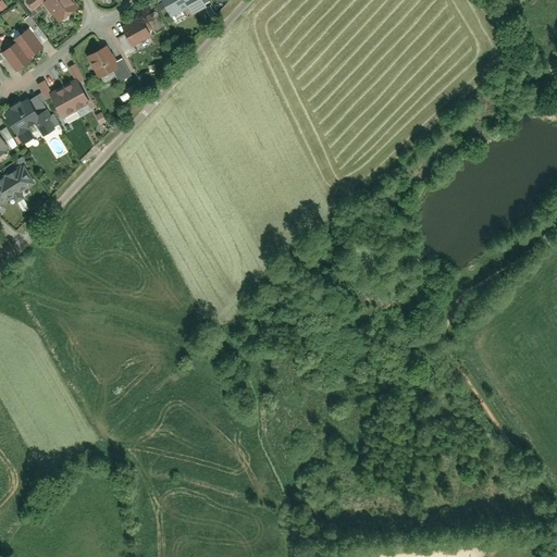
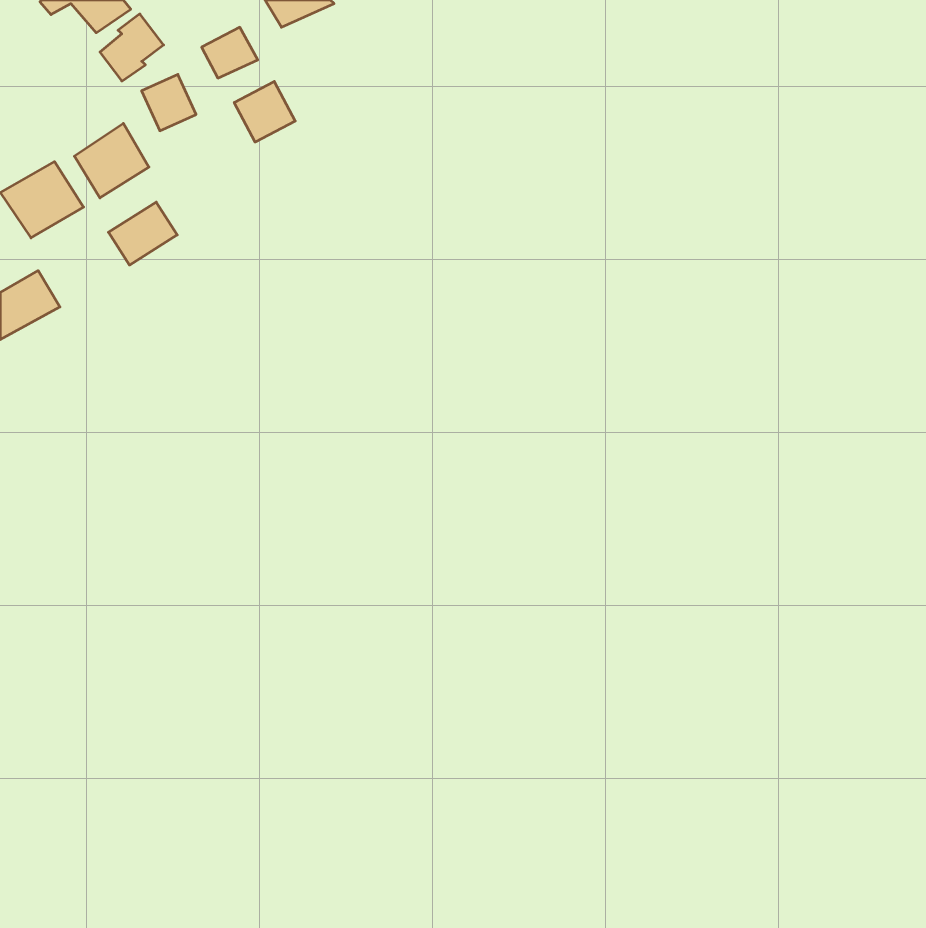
building: [5,29,44,70] -> [100,14,164,81]
building: none -> [234,81,295,142]
building: none -> [108,202,177,265]

